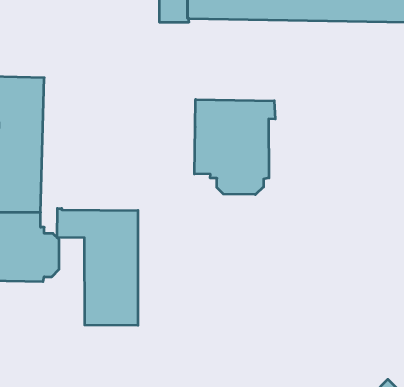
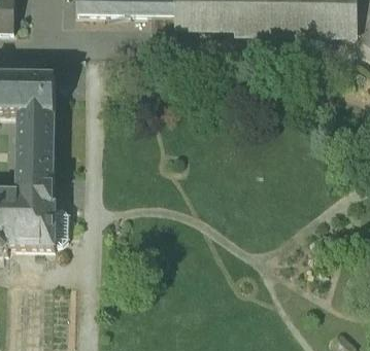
building: [194,99,275,195] -> none
building: [57,208,138,325] -> none

